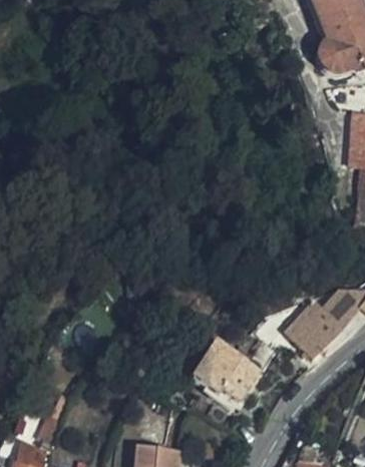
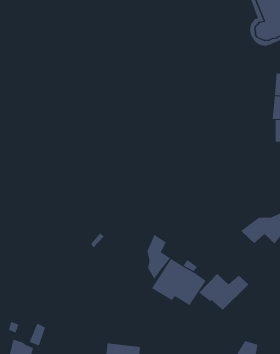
building: [284,310,347,356] -> [199,273,249,310]
building: none -> [147,234,171,280]

